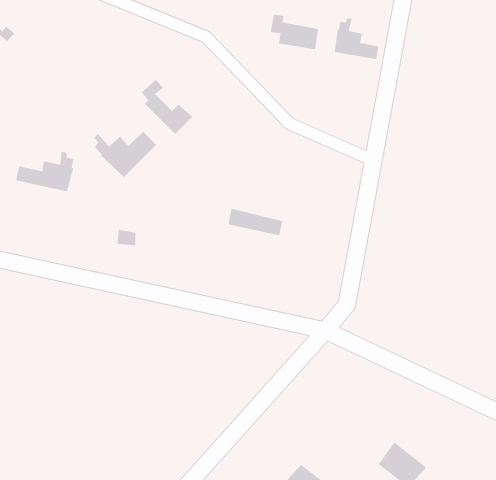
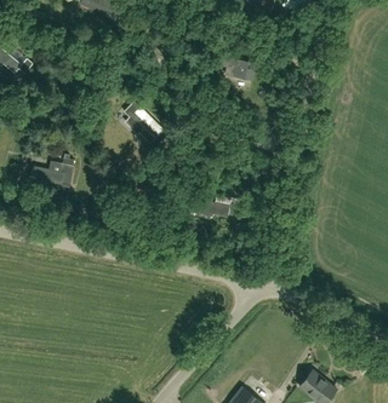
building: [334,17,379,60] -> none
building: [94,131,157,178] -> none

